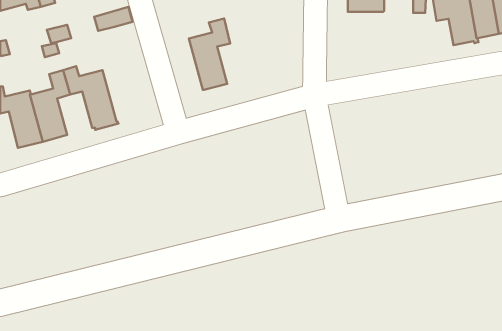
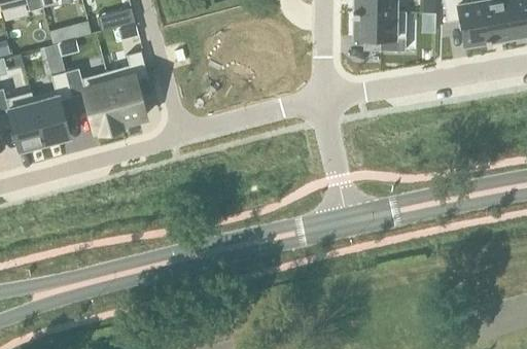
building: none -> [352,12,407,53]
building: [189,18,230,90] -> [106,53,148,126]

